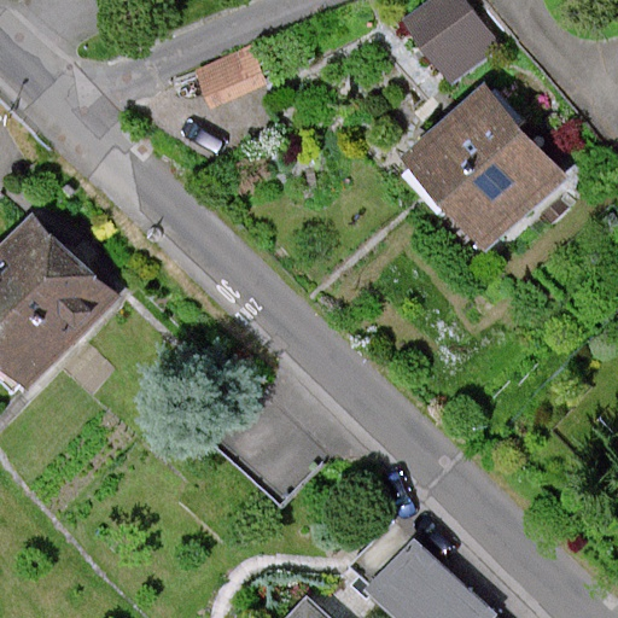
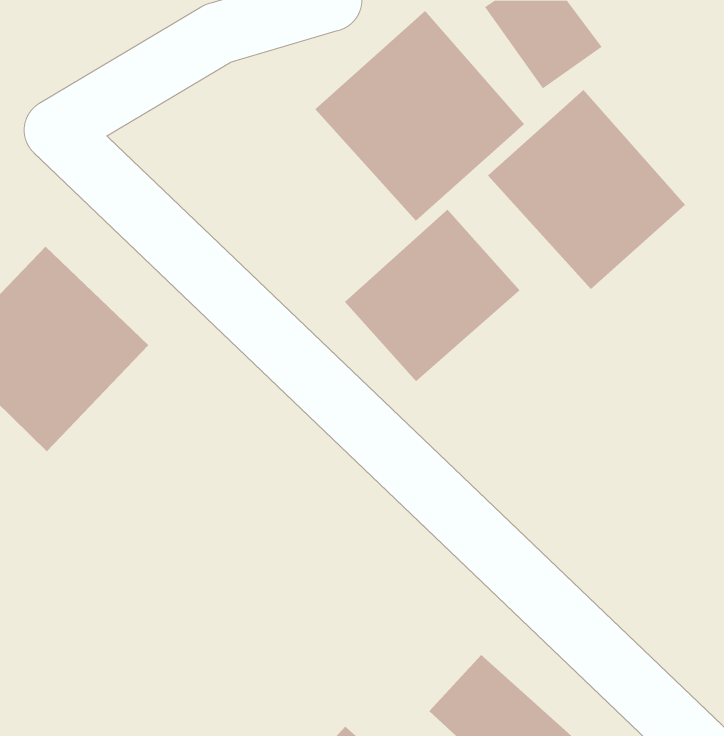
building: none -> [315,10,525,221]
building: none -> [344,209,520,382]

